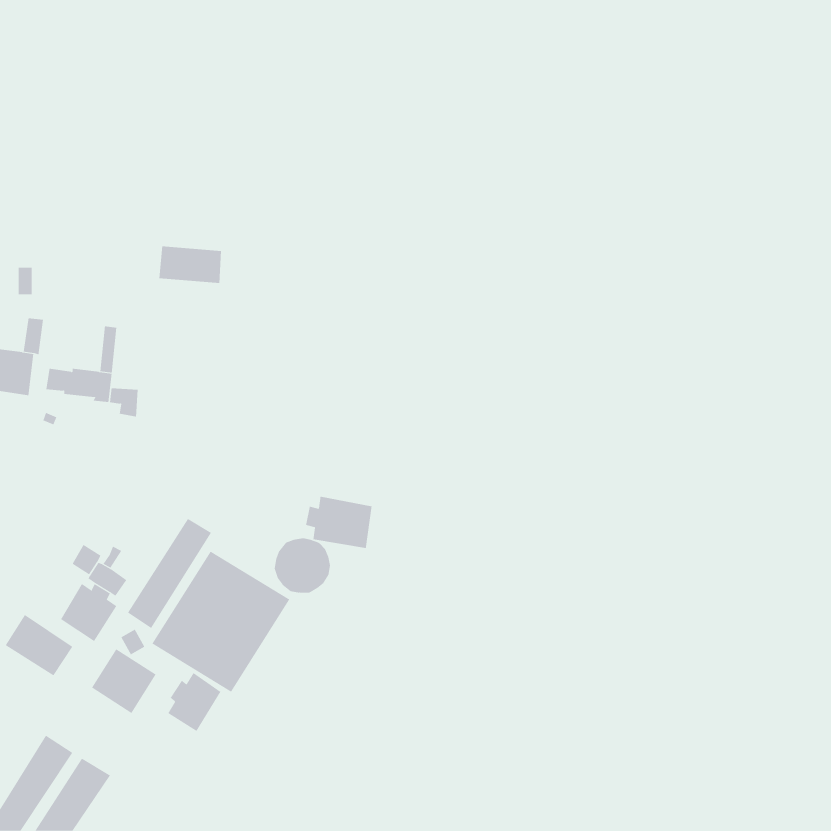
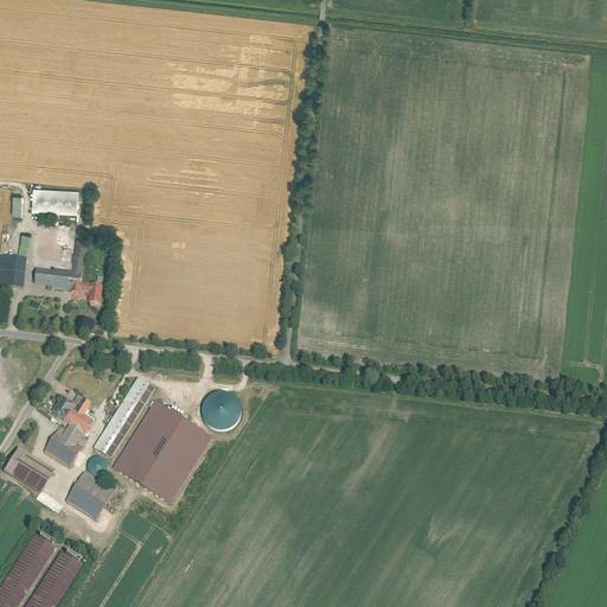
building: [158,246,222,283] -> [31,186,77,213]
building: [306,496,372,549] -> none
building: [167,672,221,732] -> none

